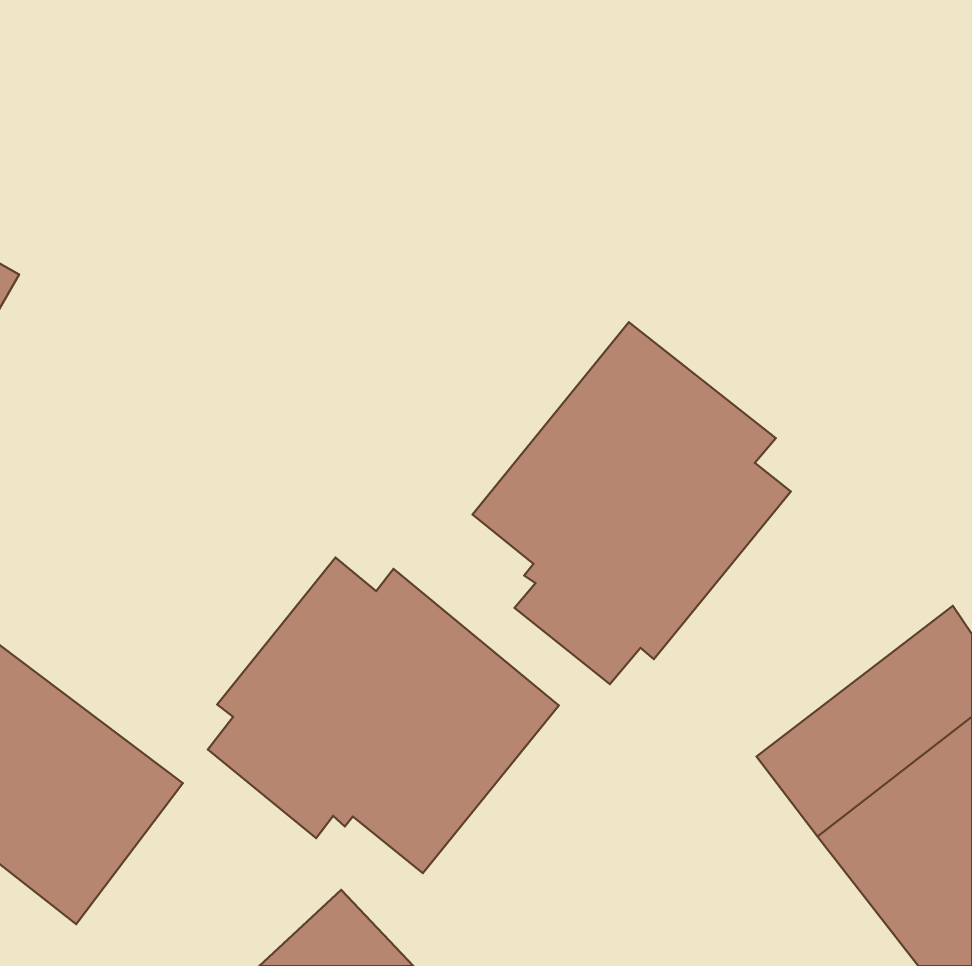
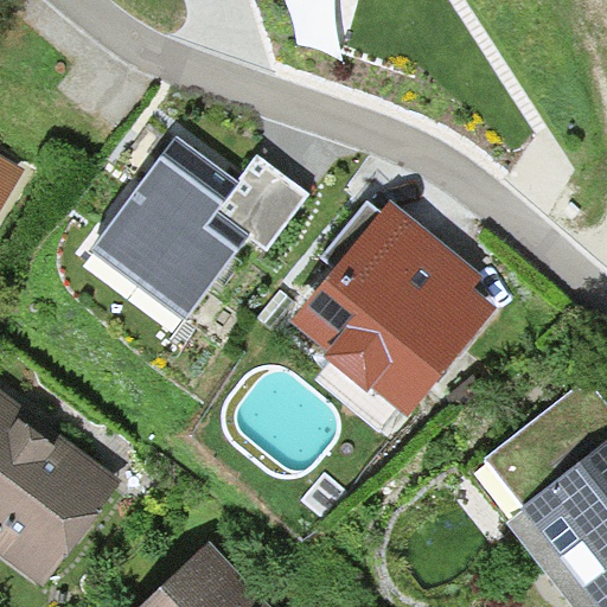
building: none -> [92,135,308,321]
building: [208,557,559,873] -> none

